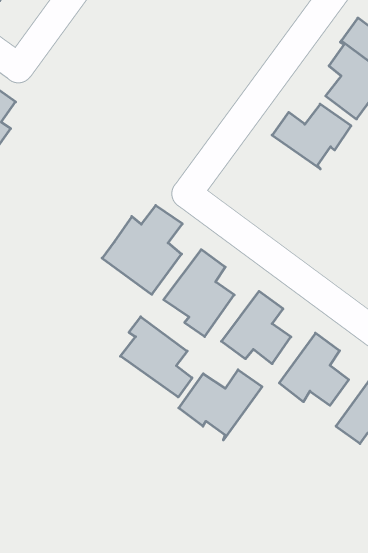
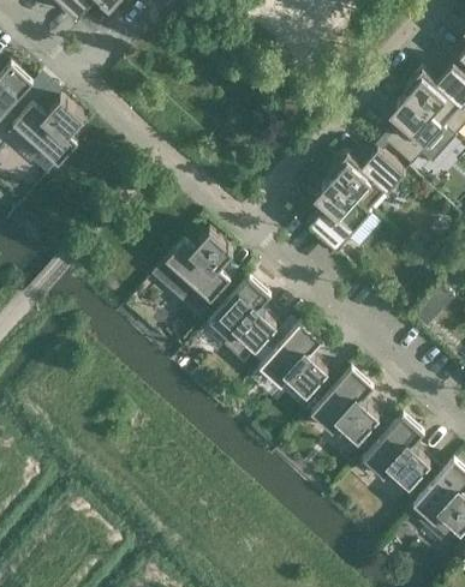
building: none -> [309,173,371,248]
building: [120,317,192,397] -> none
building: [179,370,262,440] -> none

